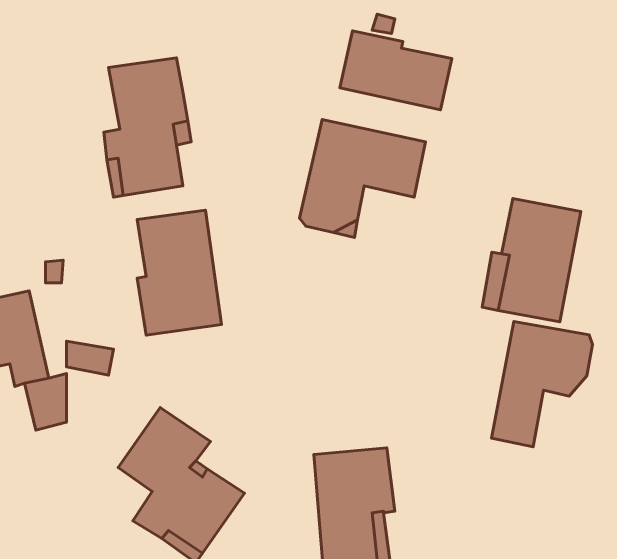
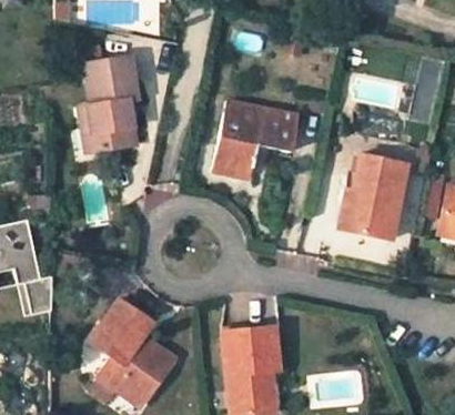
building: [340,31,452,110] -> none
building: [137,210,222,335] -> none
building: [491,322,592,447] -> none

